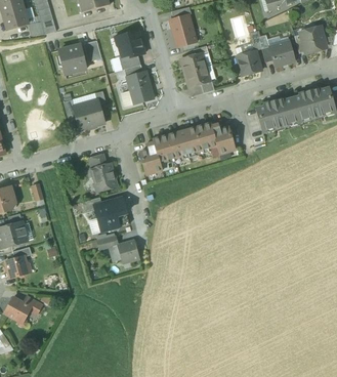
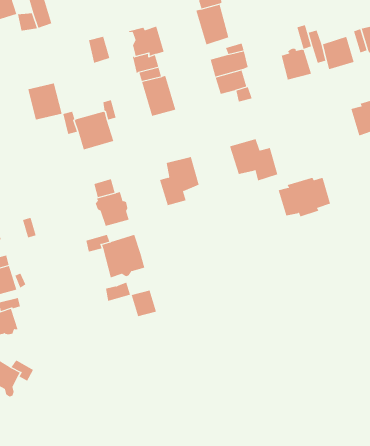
building: [58,45,86,75] -> [27,83,62,120]
building: [256,98,299,132] -> [278,177,332,220]
building: [166,128,203,159] -> none

